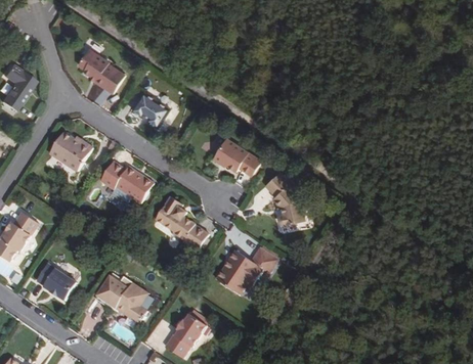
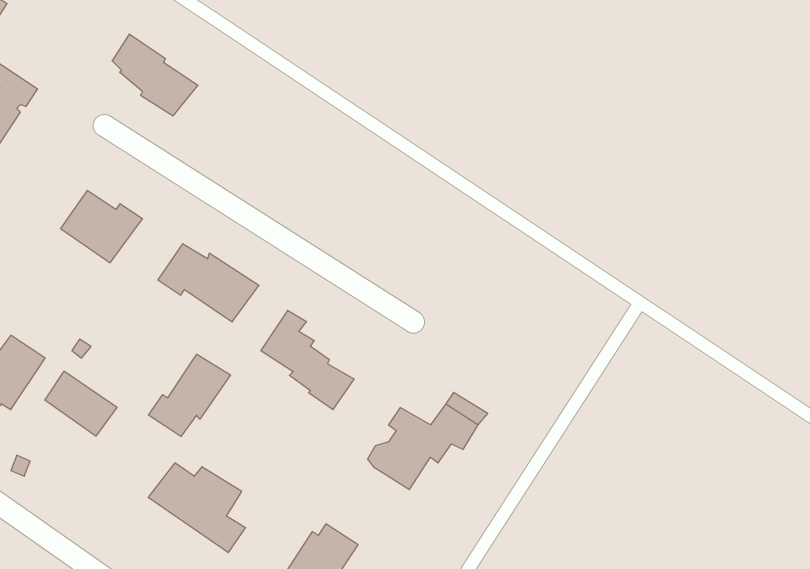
building: [130,93,168,128] -> none
building: [209,138,258,176] -> none
building: [263,173,304,225] -> none
building: none -> [149,354,230,436]
building: [38,265,77,300] -> [45,371,117,436]

